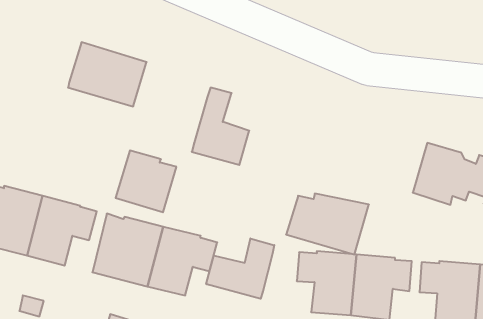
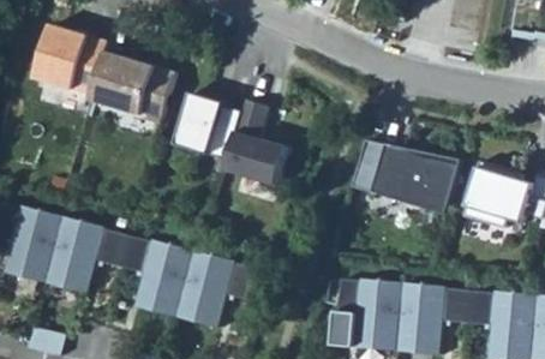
building: none -> [32,24,106,94]
building: [116,150,176,212] -> [174,92,240,160]
building: [286,194,369,254] -> [370,146,460,213]
building: [206,238,274,299] -> none

